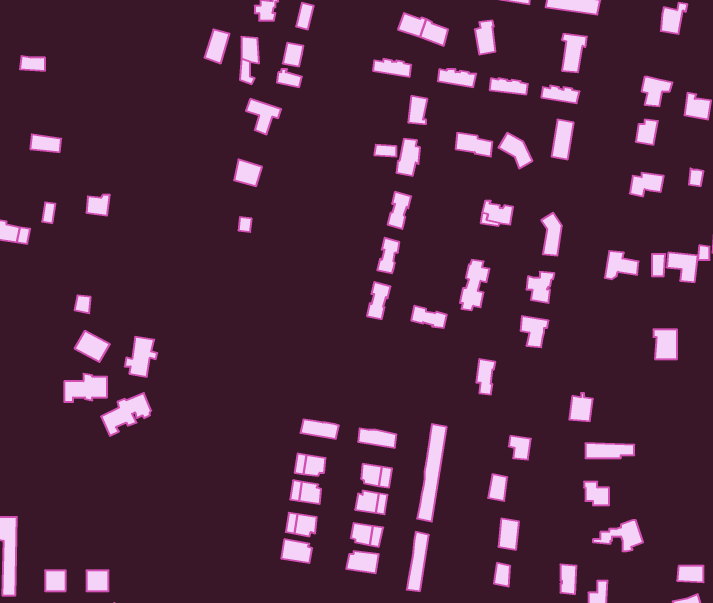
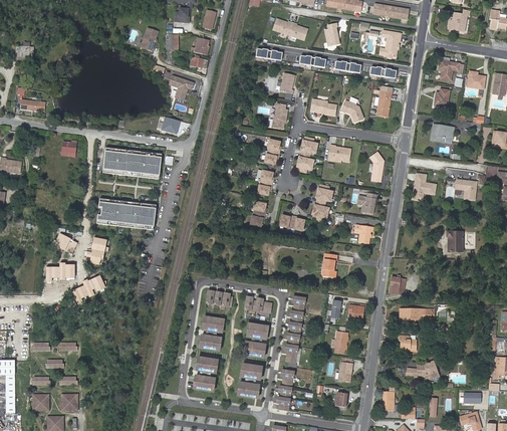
building: none -> [298,136,318,172]
building: none -> [102,148,161,179]
building: none -> [96,198,155,229]

